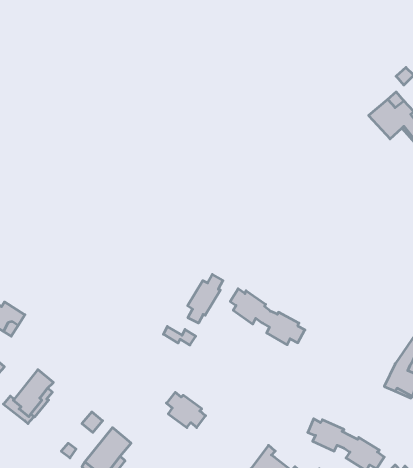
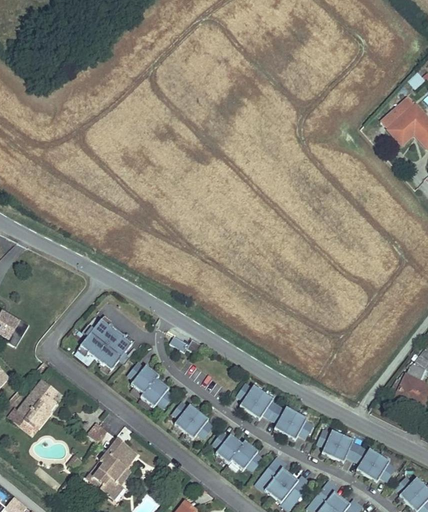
building: [188,274,223,323] -> none
building: [230,289,305,345] -> [237,383,313,440]
building: none -> [80,320,132,370]
building: none -> [128,363,173,408]
building: none -> [213,431,263,471]

